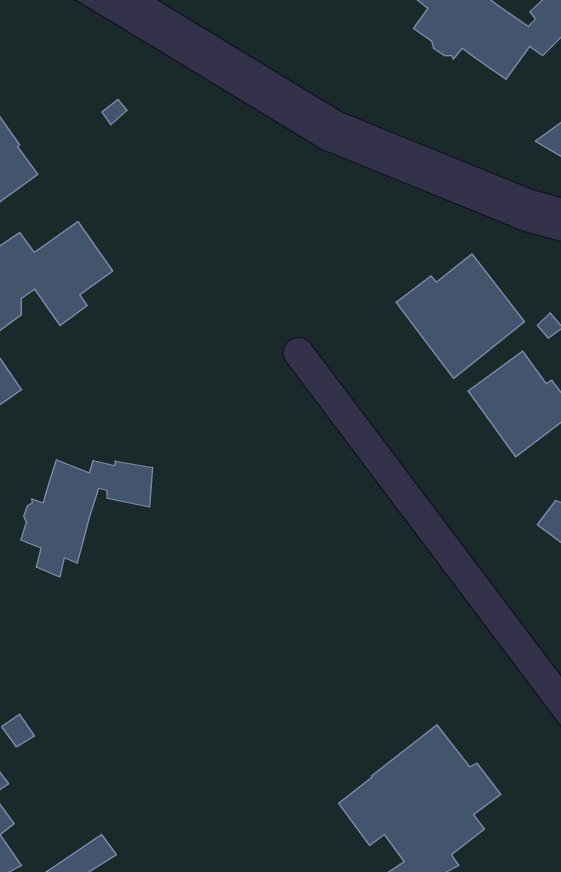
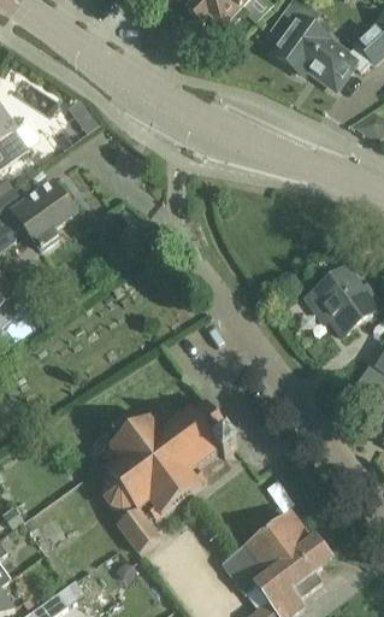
building: [396,254,525,378] -> none
building: [21,460,152,577] -> none
building: none -> [102,402,236,552]

